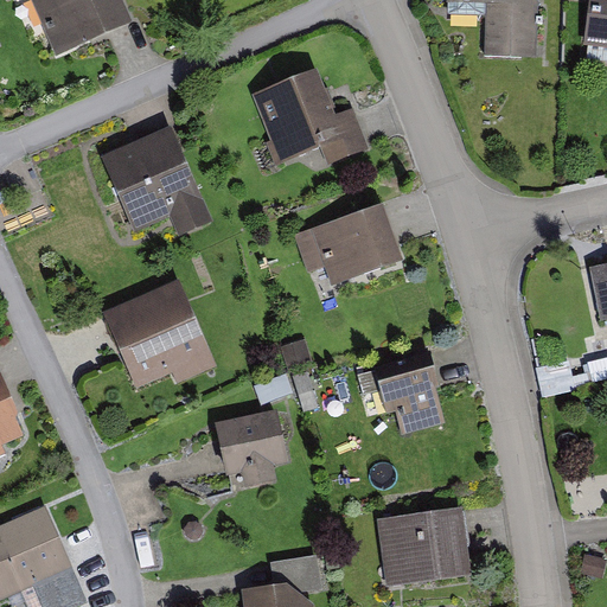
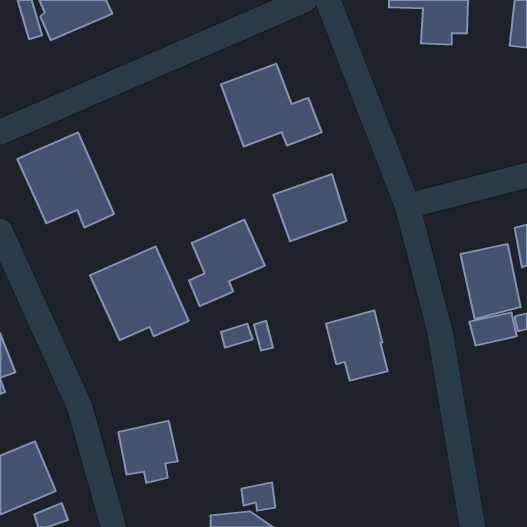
building: [102,130,213,239] -> [17,133,114,227]
building: none -> [189,220,265,306]
building: none -> [461,244,521,319]
building: [216,408,285,479] -> [118,421,178,483]
building: [381,505,464,581] -> none

